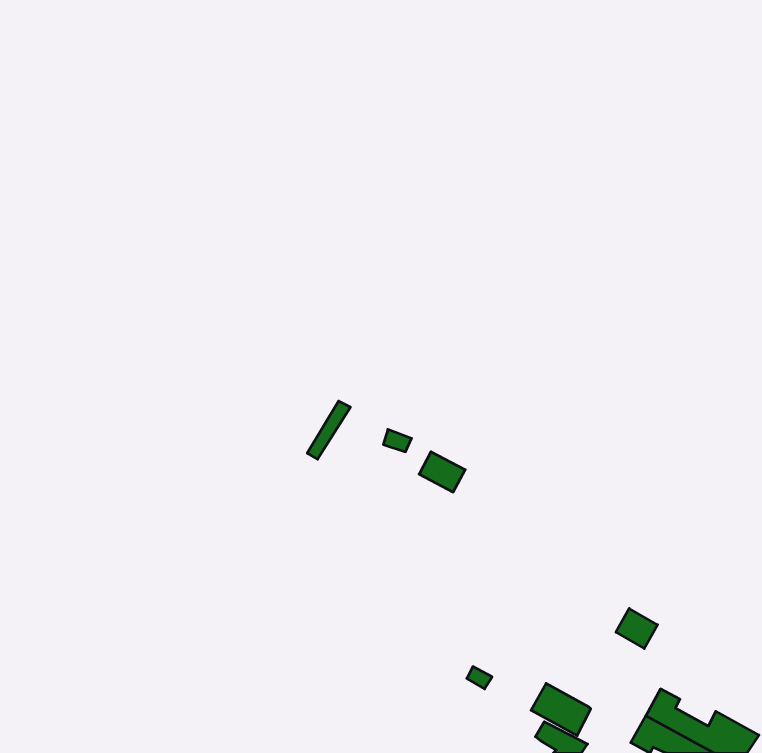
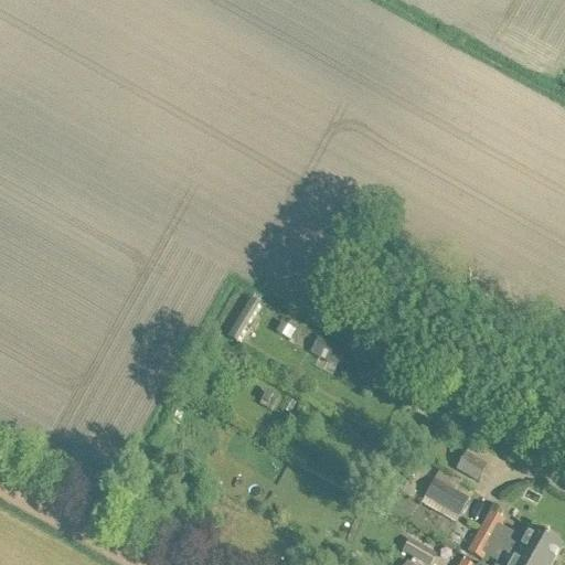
building: [531,683,591,736] -> [425,477,469,515]

